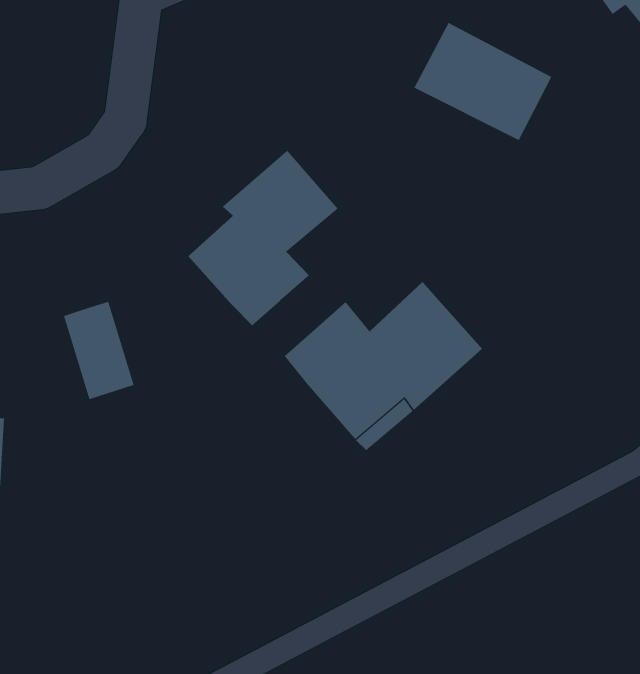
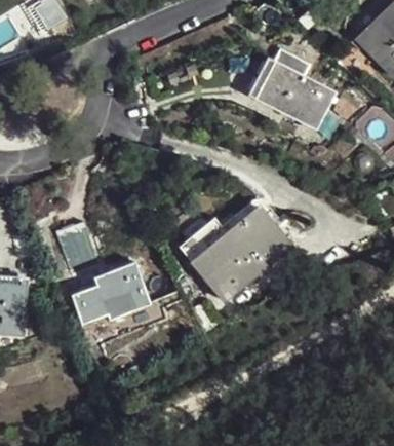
building: [188,150,339,326] -> none
building: none -> [75,262,147,319]

